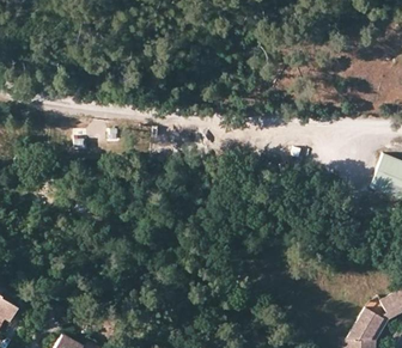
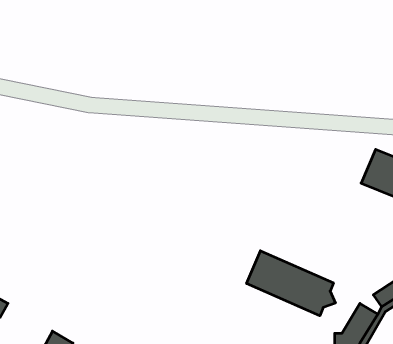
building: none -> [247,251,335,316]

